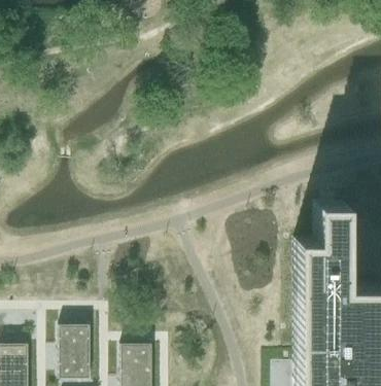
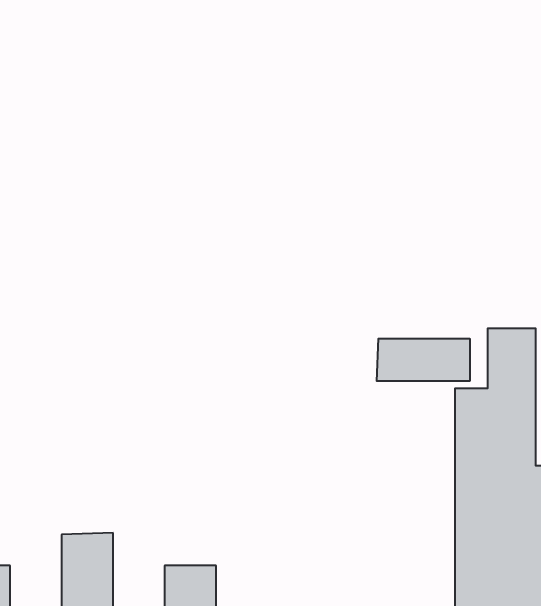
building: none -> [377,339,470,381]

